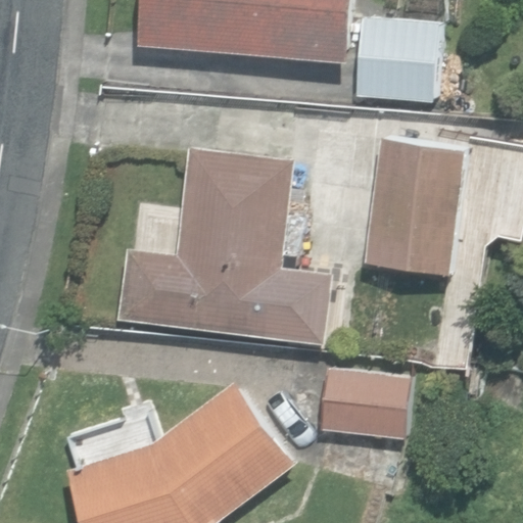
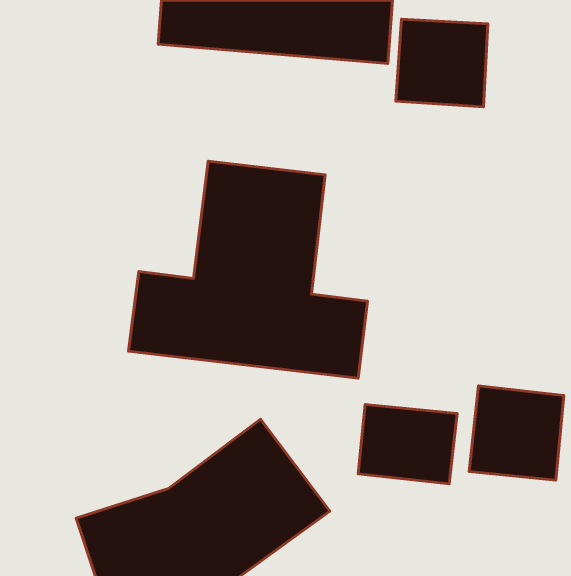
building: [366,139,468,273] -> none
building: none -> [469,386,564,480]

